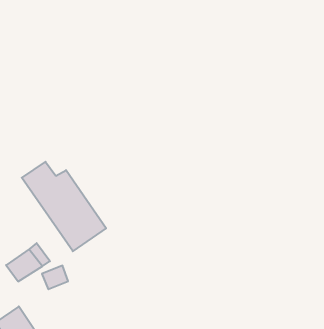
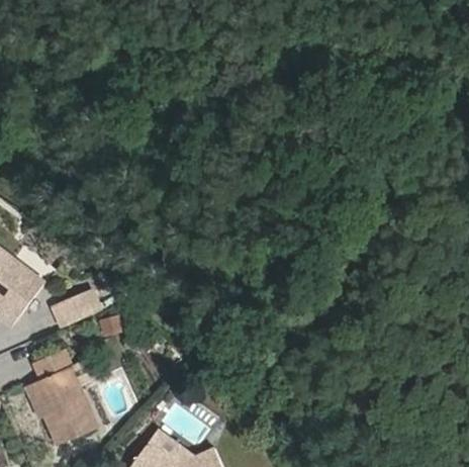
building: [22,162,106,251] -> none

